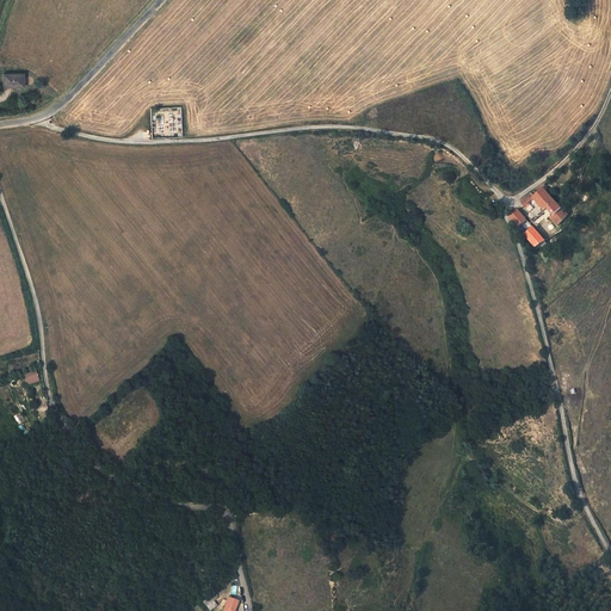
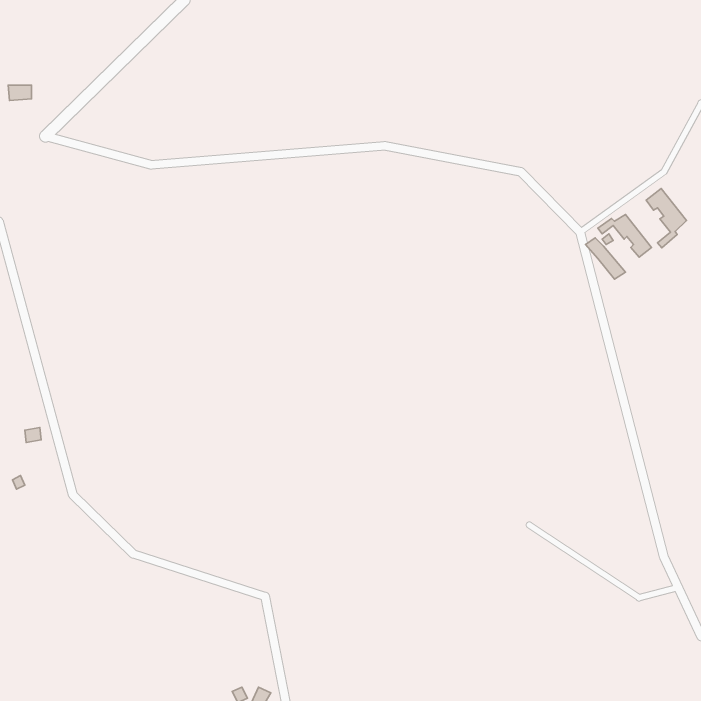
building: none -> [646,188,687,248]

